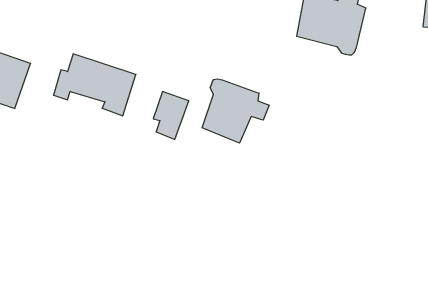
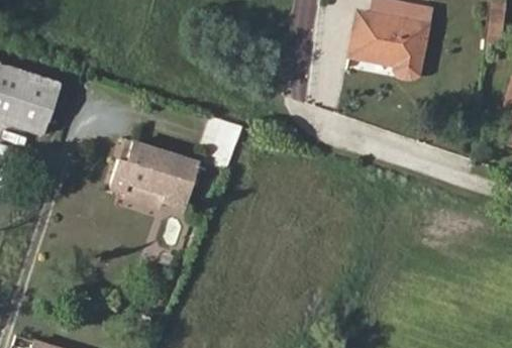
building: [53,54,136,116] -> [104,141,193,208]
building: [202,79,269,143] -> none

